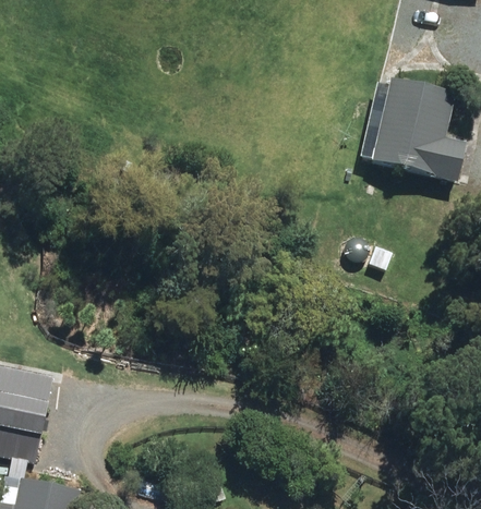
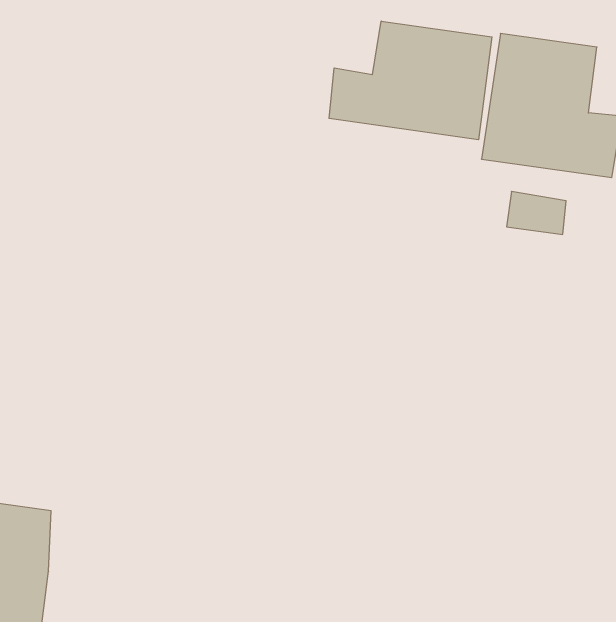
building: none -> [329,21,492,140]

